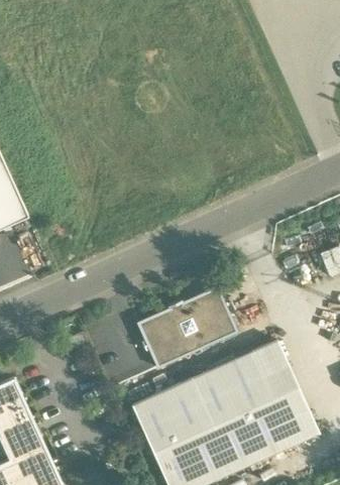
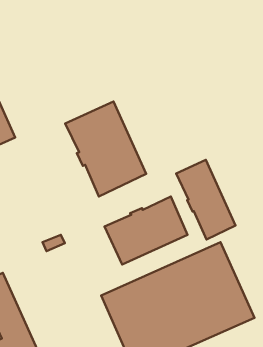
building: none -> [65,101,146,196]
building: none -> [176,160,236,240]

